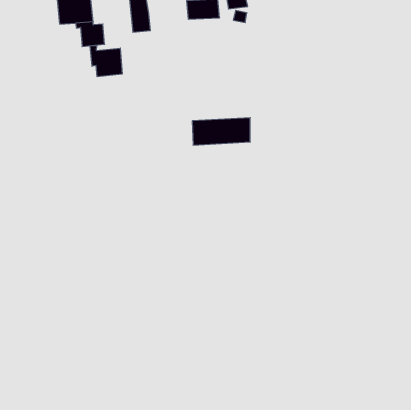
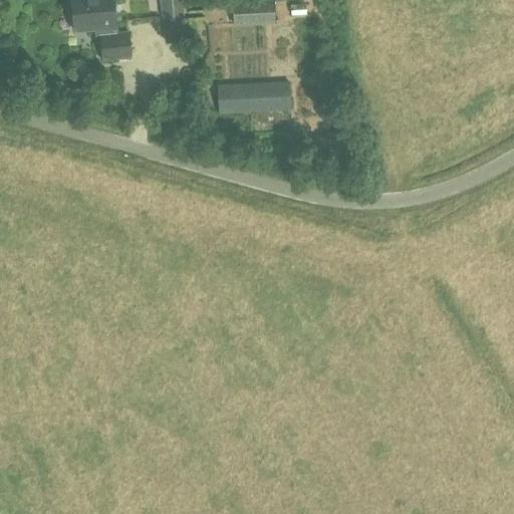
building: [90,46,122,77] -> none
building: [192,118,250,145] -> [218,79,290,113]

